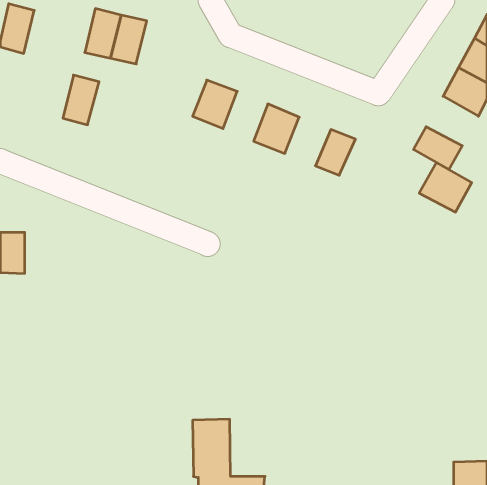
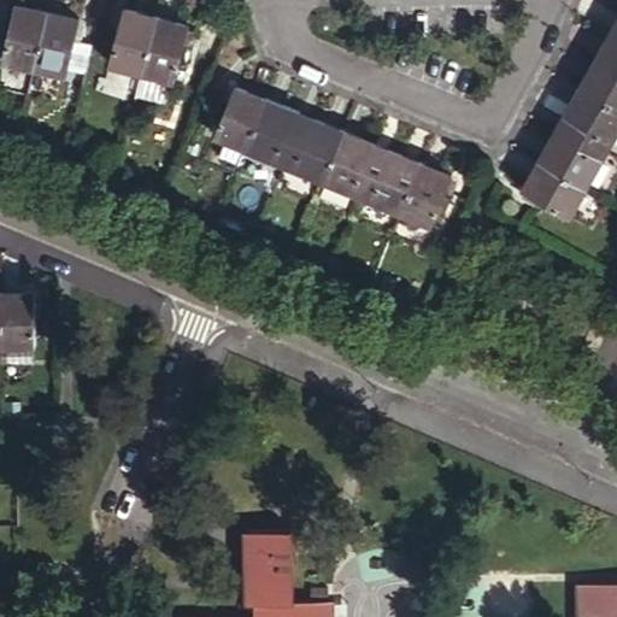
building: none -> [212,90,262,149]
building: [63,75,99,125] -> [30,16,76,78]
building: none -> [282,118,339,181]
building: none -> [360,151,418,212]
building: [419,163,472,212] -> [539,124,605,187]

